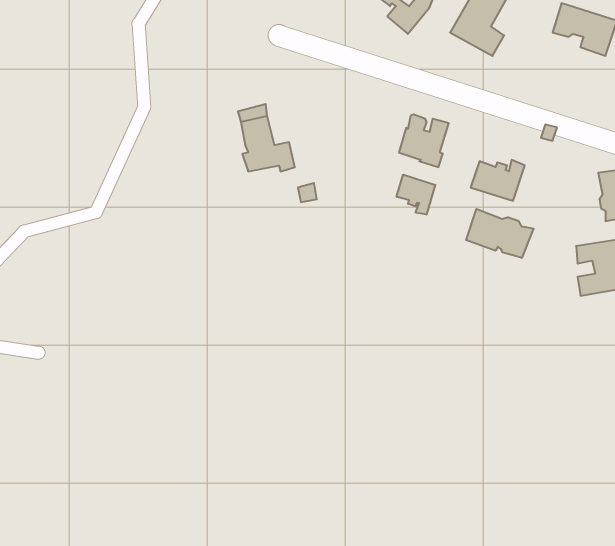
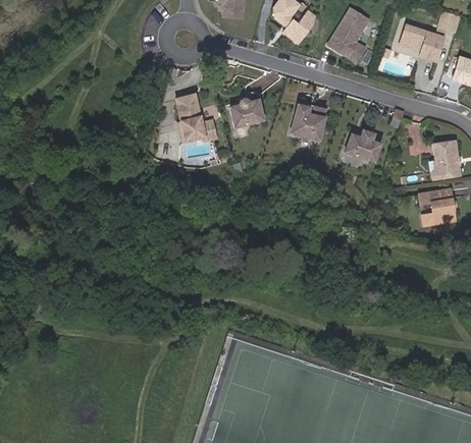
building: none -> [233,96,267,129]
building: [397,175,435,215] -> none
building: [466,209,534,258] -> none

